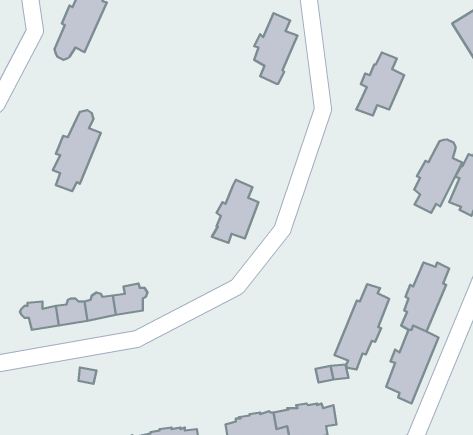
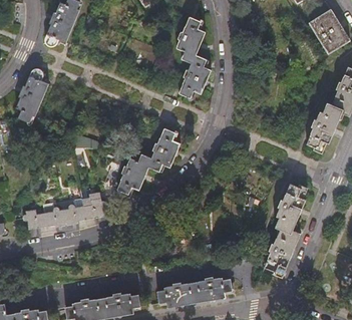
building: [356,53,404,116] -> [180,56,212,98]
building: [53,110,101,191] -> [14,68,46,122]
building: [414,139,462,213] -> none
building: none -> [116,154,152,195]
building: [334,284,389,370] -> none

